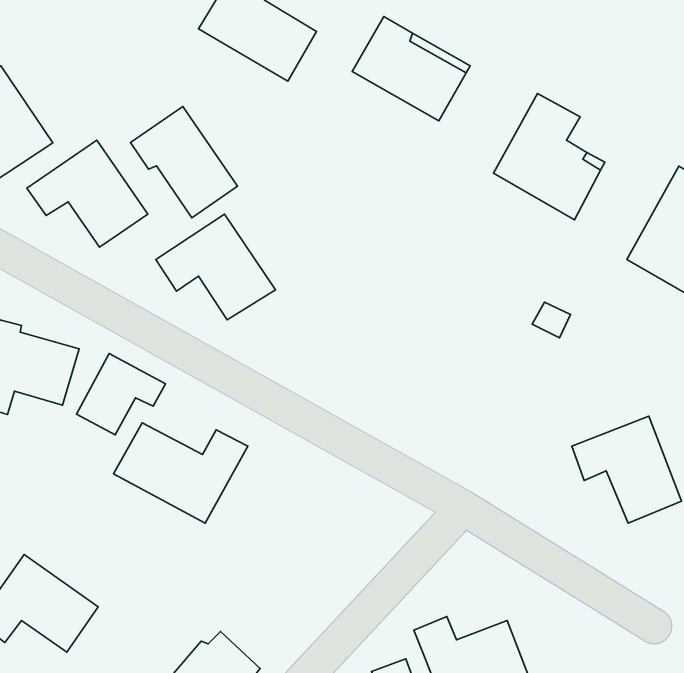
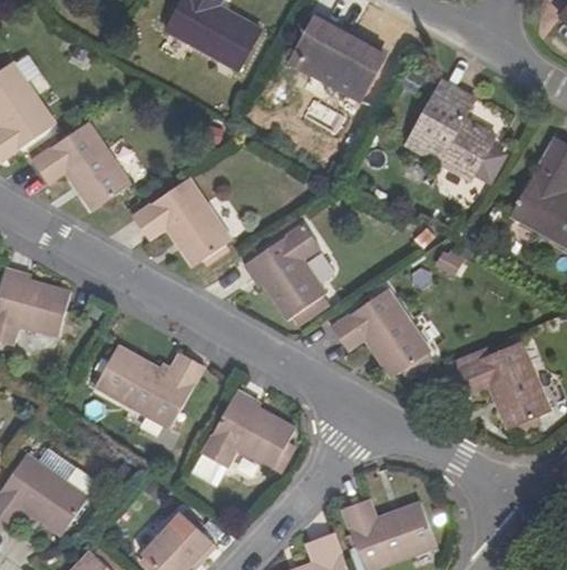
building: [130,106,238,218] -> none
building: none -> [244,224,326,320]
building: [77,353,165,435] -> none
building: none -> [330,291,428,377]
building: none -> [203,389,296,468]

